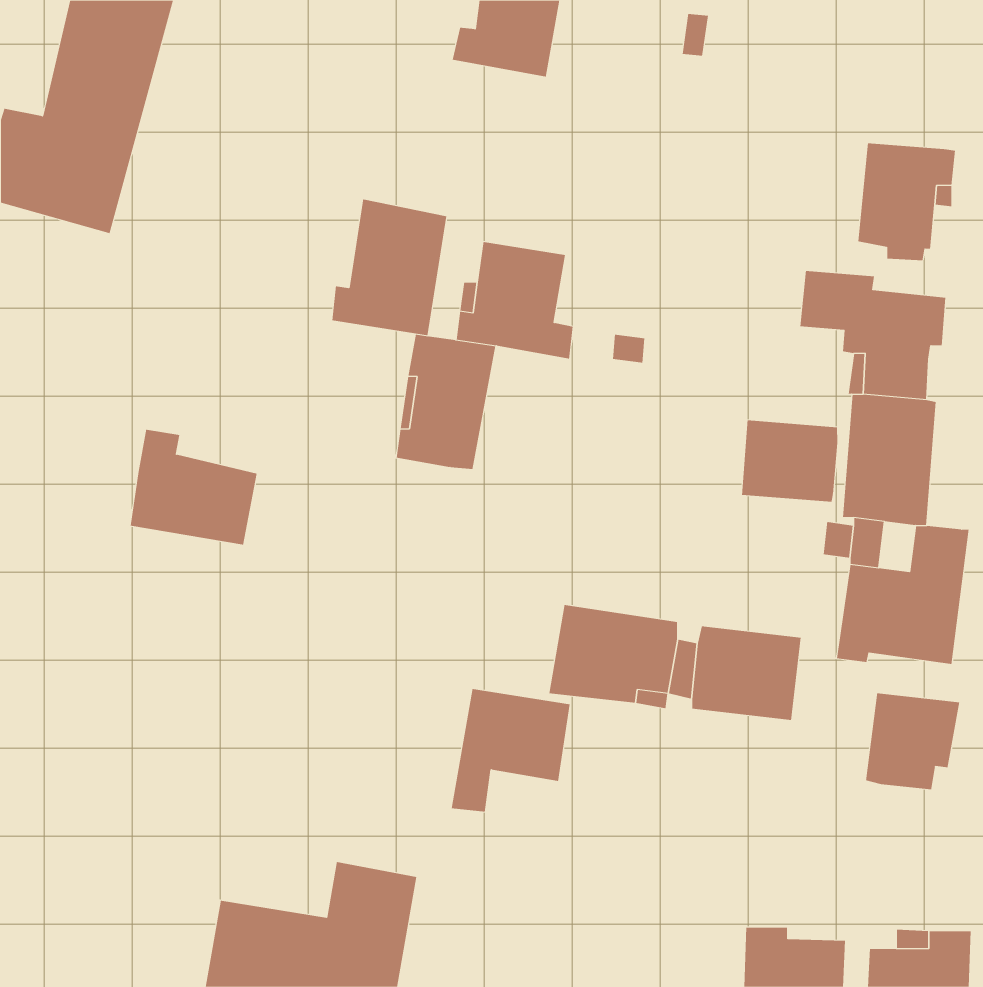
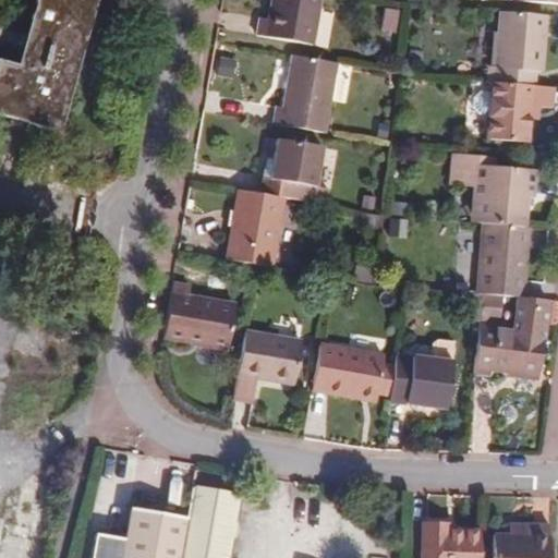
building: none -> [487,11,547,84]
building: [331,199,447,336] -> [275,54,340,132]
building: [741,420,838,503] -> none
building: [130,429,257,545] -> [163,281,235,347]
building: [451,689,570,812] -> [233,331,301,401]
building: [865,693,960,790] -> none

